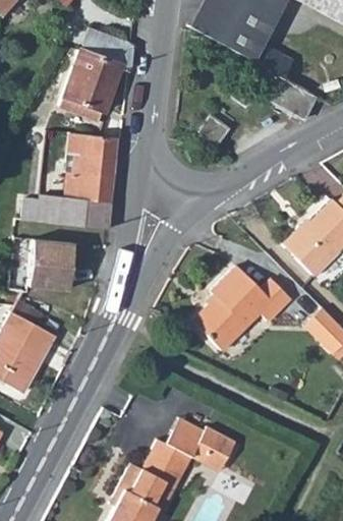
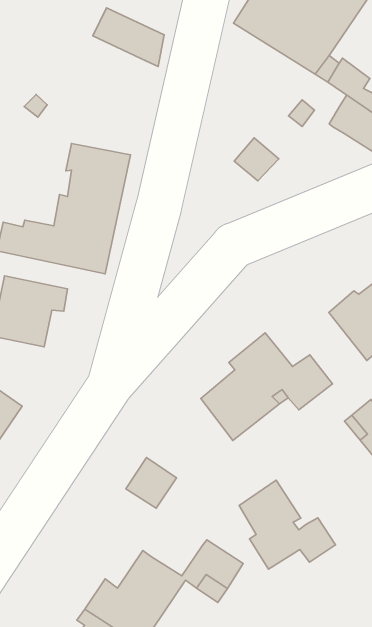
building: [61,50,123,120] -> none
building: none -> [239,480,336,569]
building: [165,416,203,454] -> [126,458,177,508]

